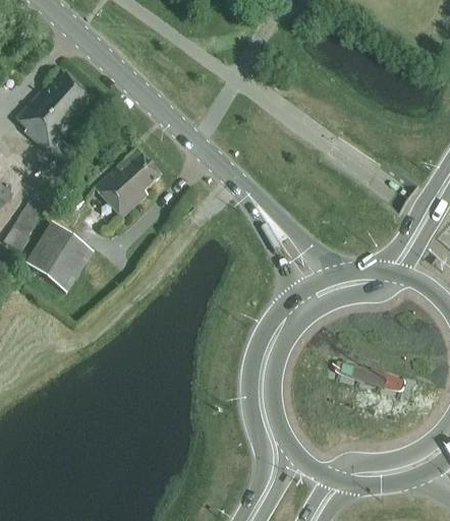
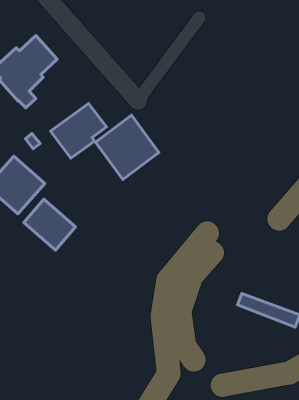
building: none -> [96,115,159,180]
building: none -> [24,199,75,250]

